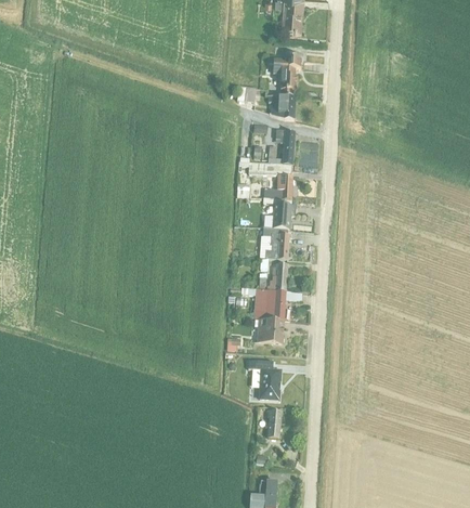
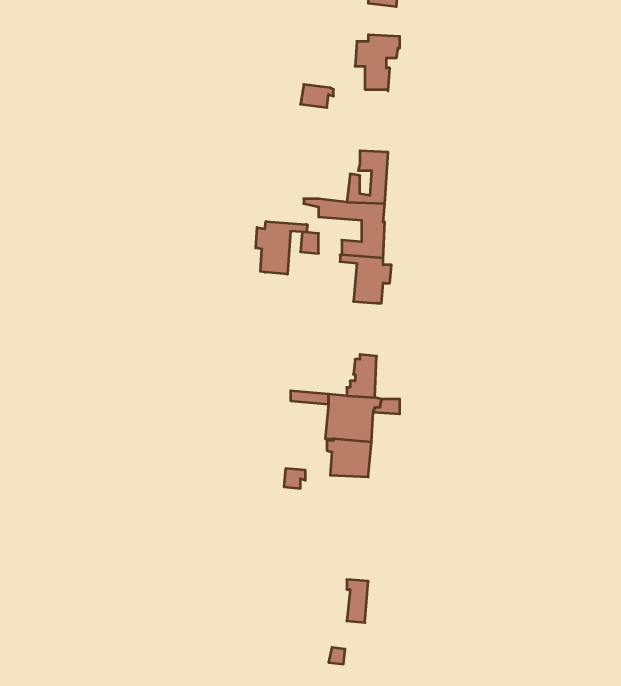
building: [267,94,293,117] -> none
building: none -> [256,221,307,274]
building: [258,225,288,258] -> none
building: [247,359,279,398] -> none

